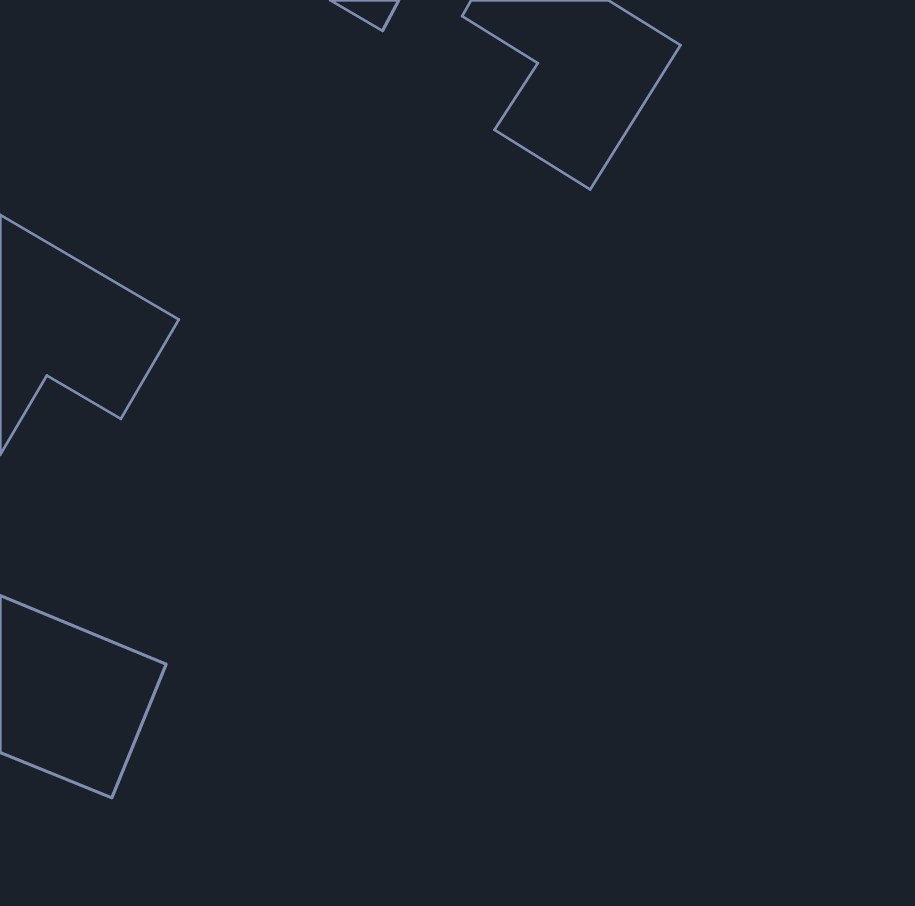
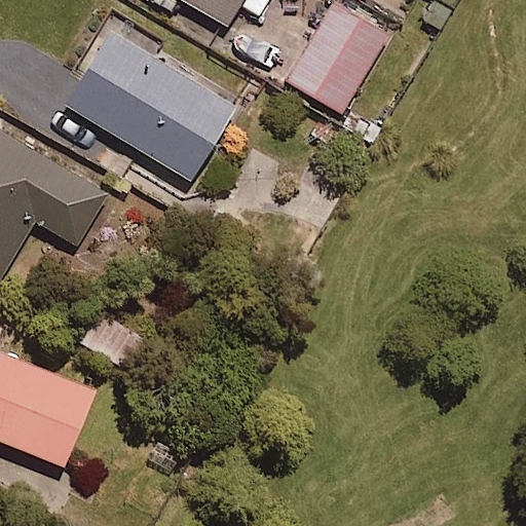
building: none -> [60,29,233,183]

